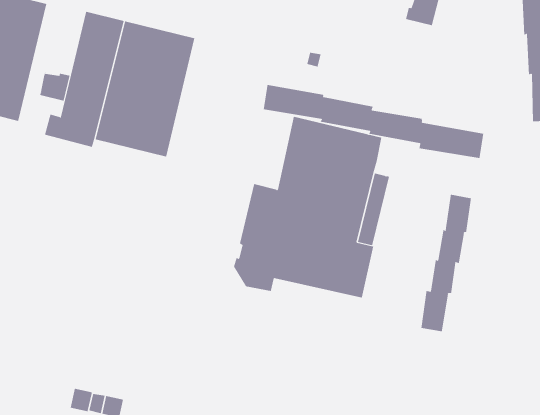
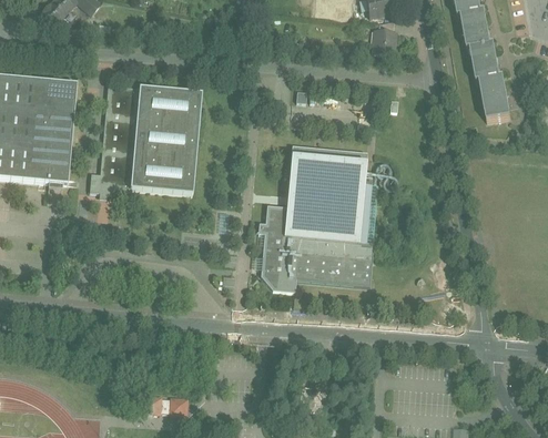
building: [39,72,70,101] -> none
building: [263,84,484,159] -> none
building: [421,194,472,332] -> none

